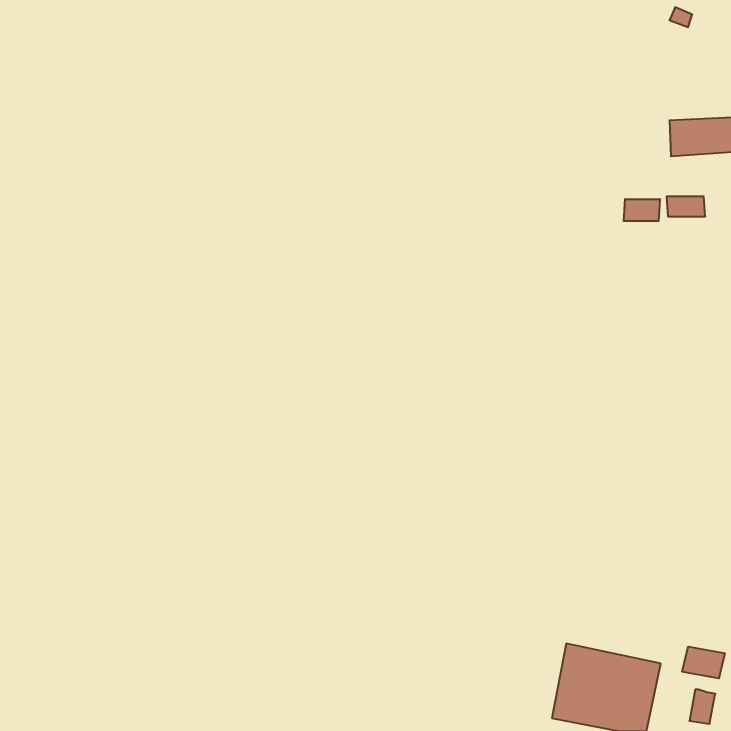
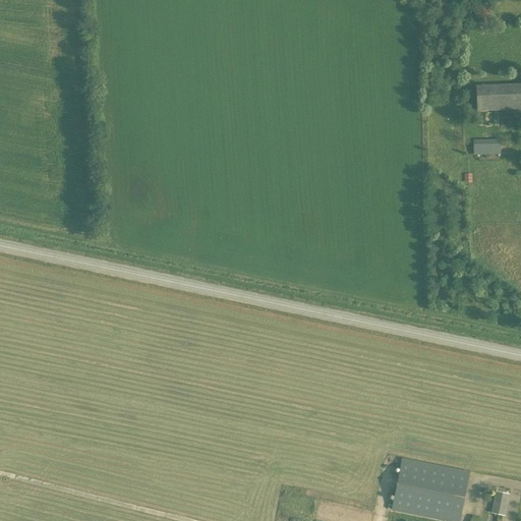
building: [624,199,660,221] -> none
building: [682,647,725,678] -> none

